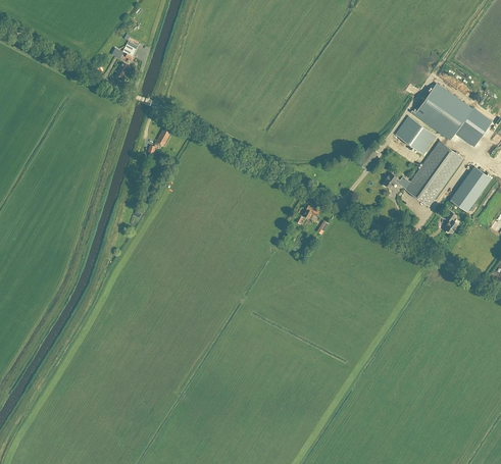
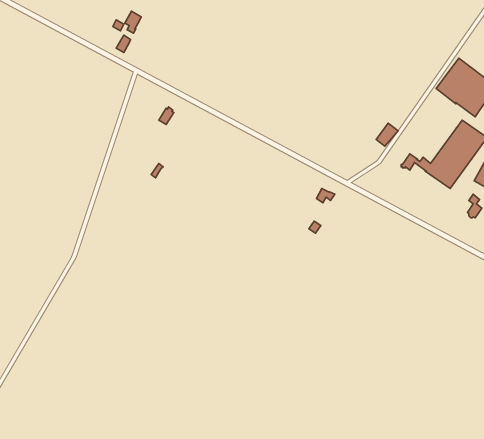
building: [396,116,437,155] -> none

